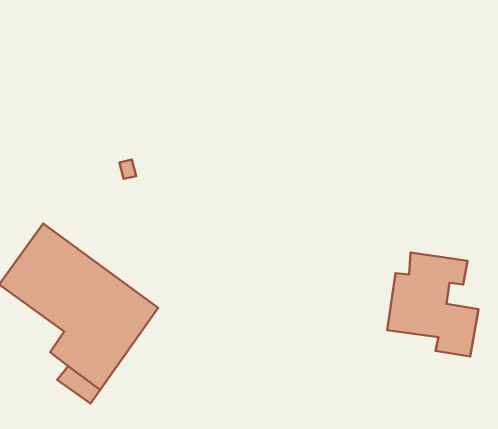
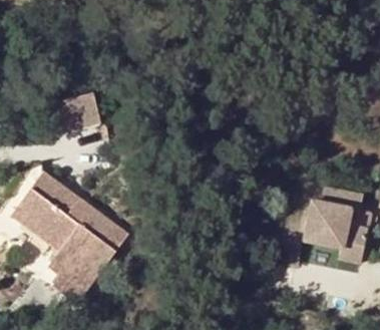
building: none -> [56,92,101,131]

